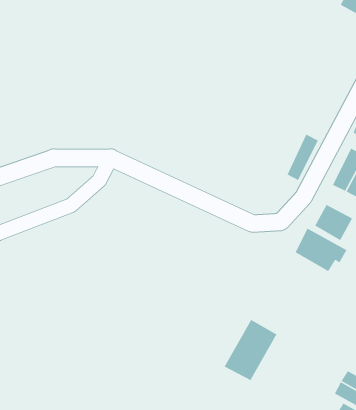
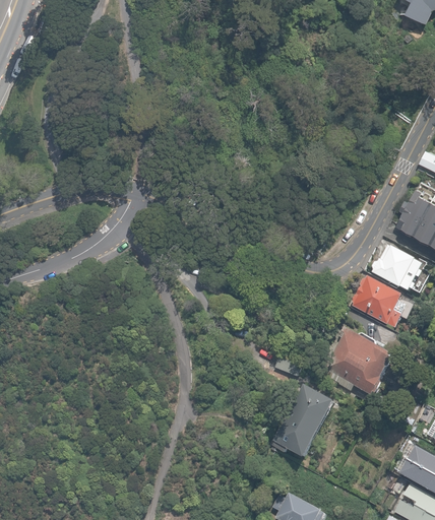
building: [286,133,319,181] -> none
building: none -> [321,325,390,391]

